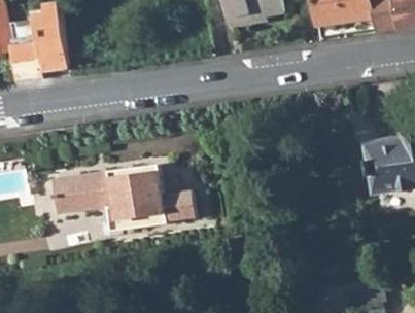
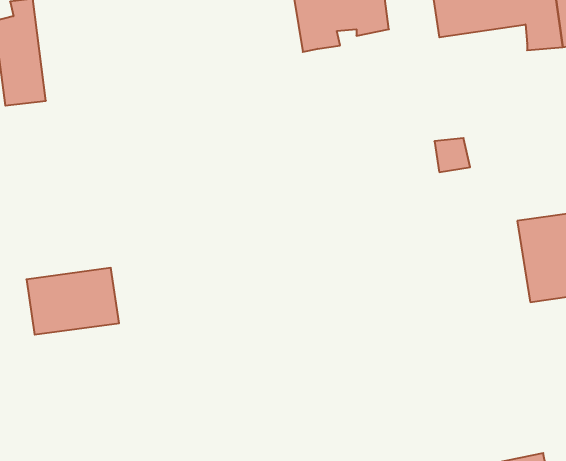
building: [106,164,193,231] -> none

